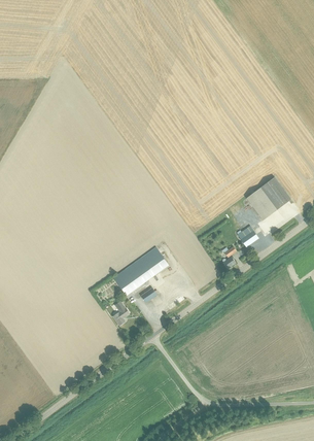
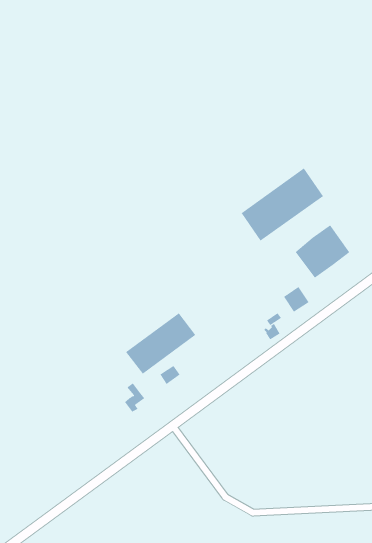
building: none -> [241,168,324,242]

